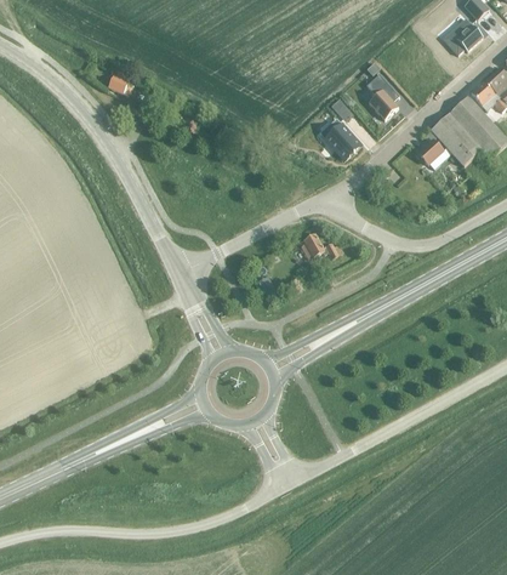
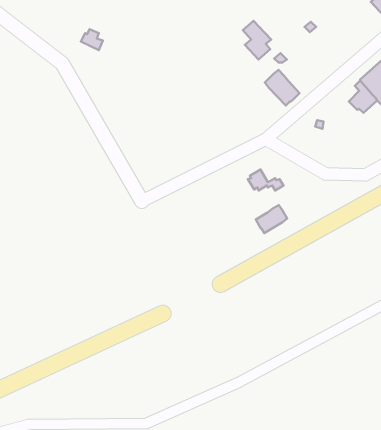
building: [366,74,399,119] -> [243,21,271,60]
building: none -> [256,205,287,233]

